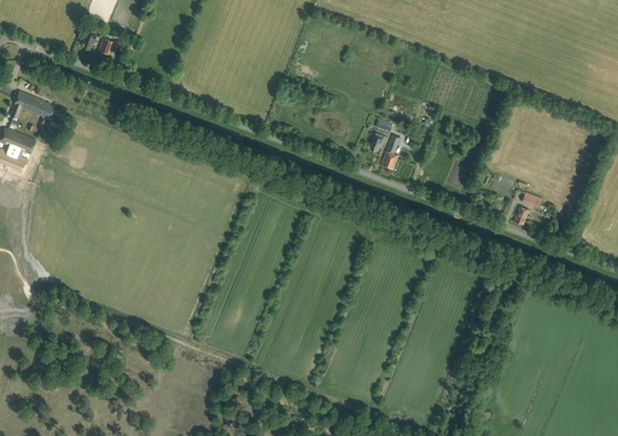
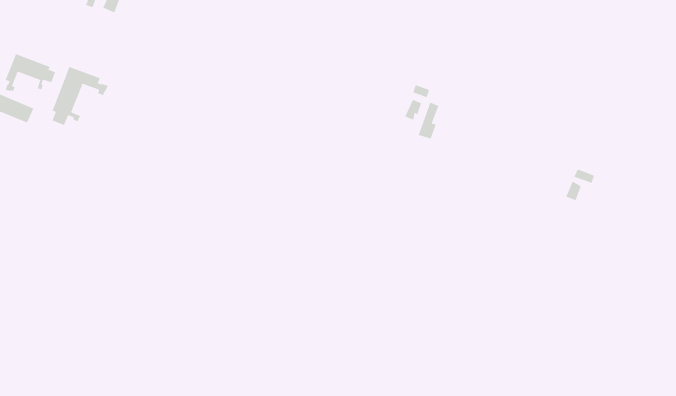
building: none -> [52,66,108,126]

